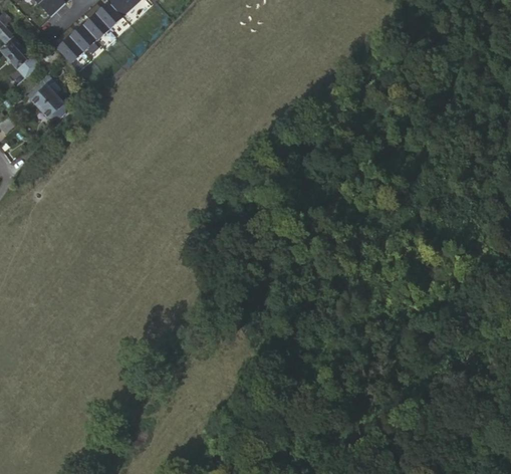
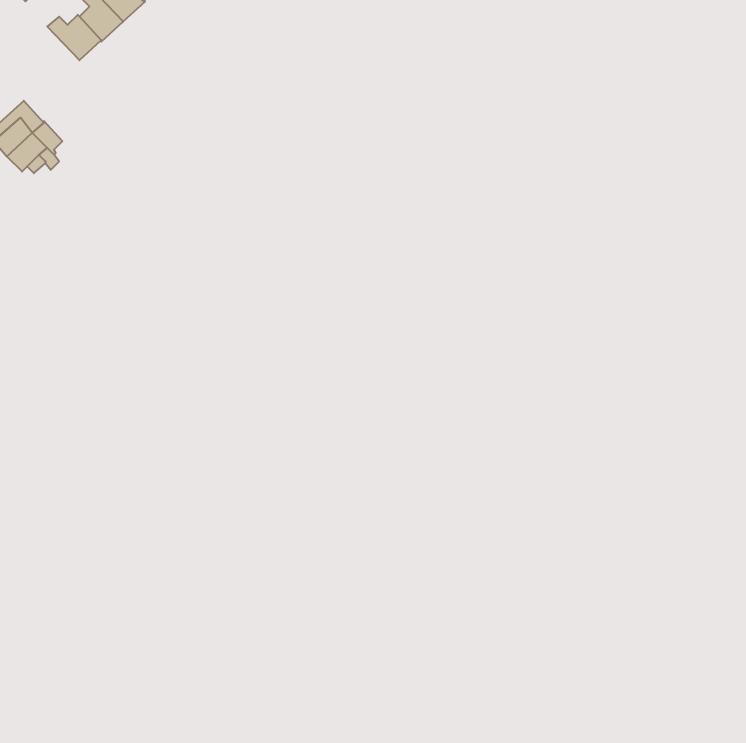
building: [55,32,81,63] -> none

